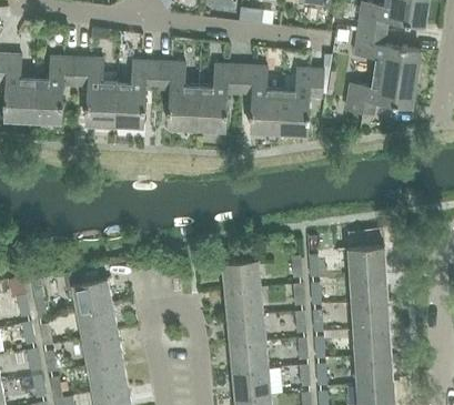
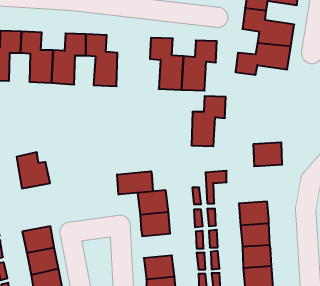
building: [195,65,239,129] -> [191,96,226,146]
building: none -> [117,171,153,195]
building: [349,245,385,275] -> [253,142,282,166]
building: [70,265,112,311] -> [17,152,50,188]
building: [228,313,265,344] -> none

